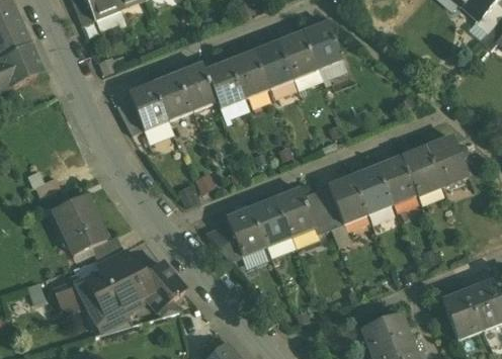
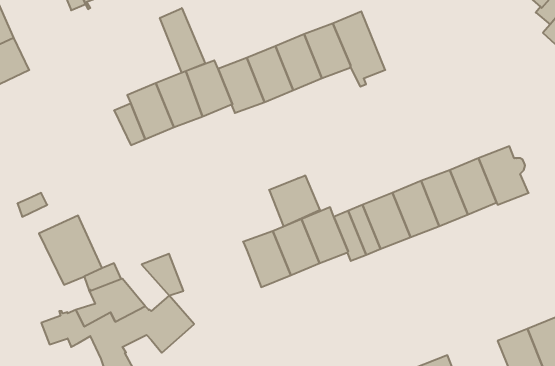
building: none -> [160,8,205,73]
building: none -> [269,175,320,227]
building: [205,223,241,259] -> [142,254,183,296]

